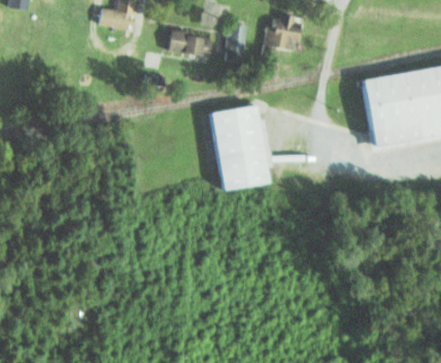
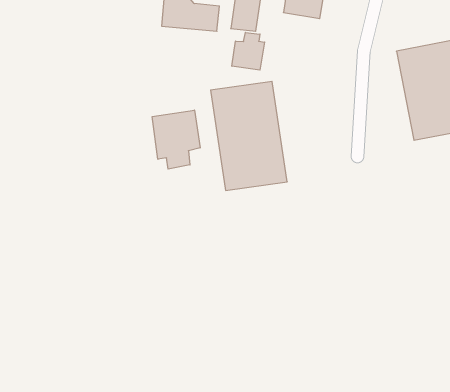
building: none -> [232,32,265,70]
building: none -> [152,110,200,169]

